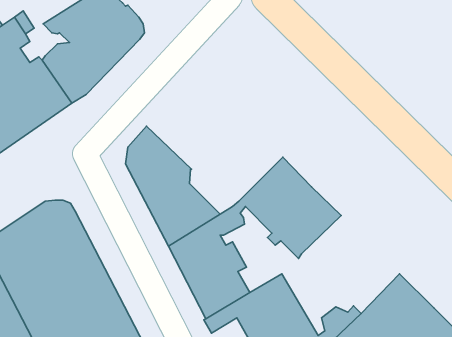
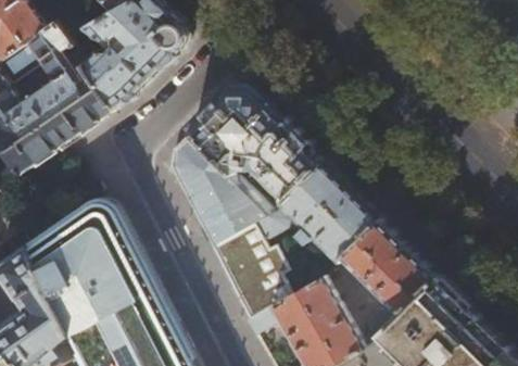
building: none -> [185,88,319,205]
building: none -> [338,219,434,316]

